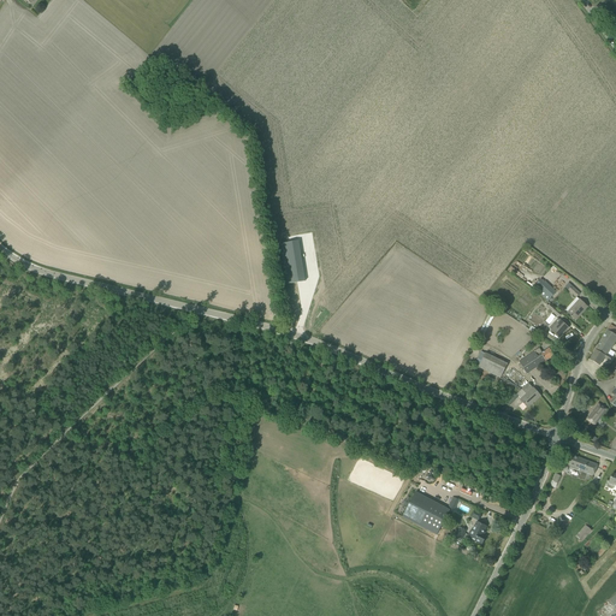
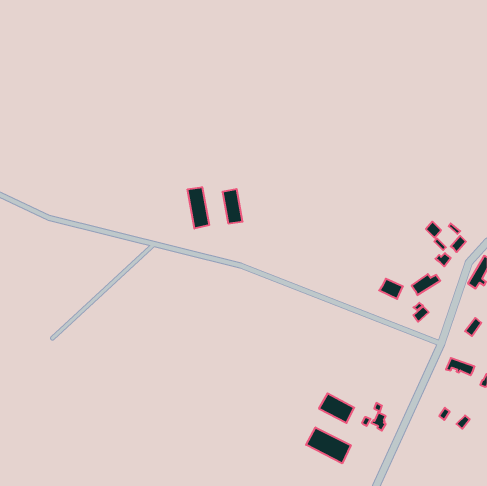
building: none -> [188,187,209,229]
building: none -> [306,427,351,463]

